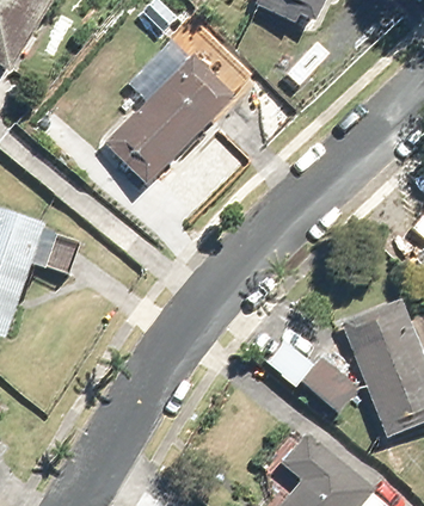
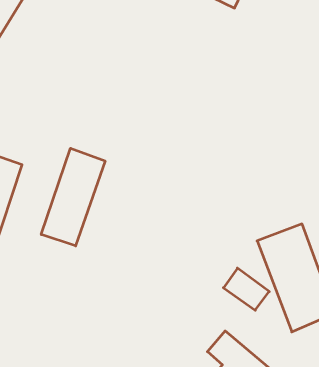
building: [106,57,233,183] -> none
building: none -> [41,148,105,246]

